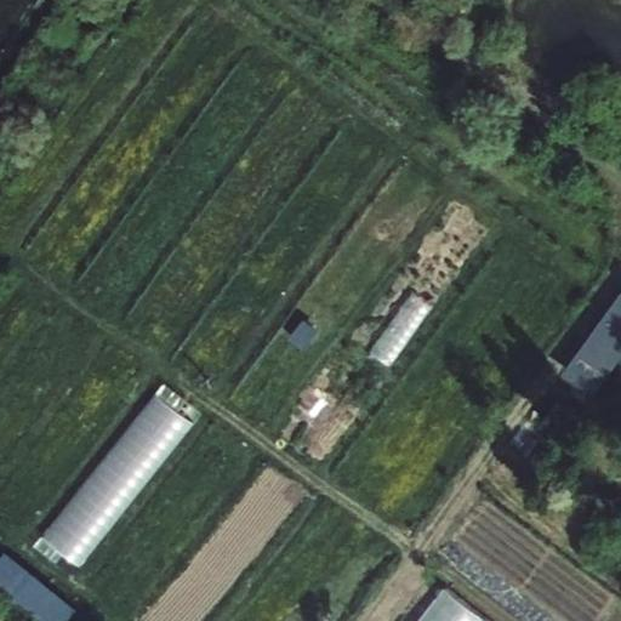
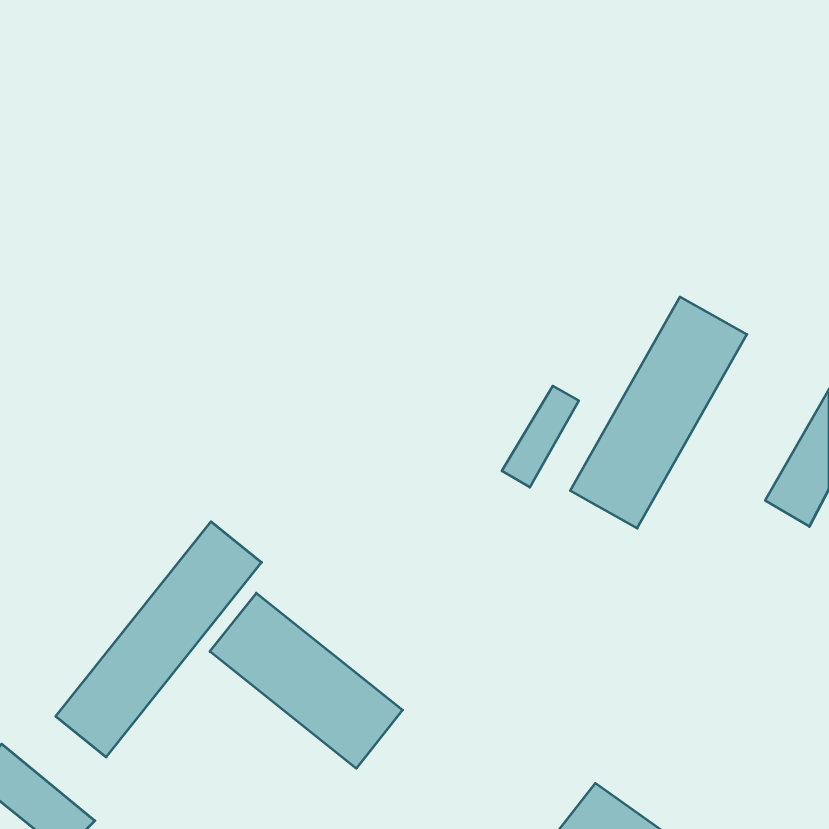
building: none -> [570,297,747,528]
building: none -> [210,593,403,768]

